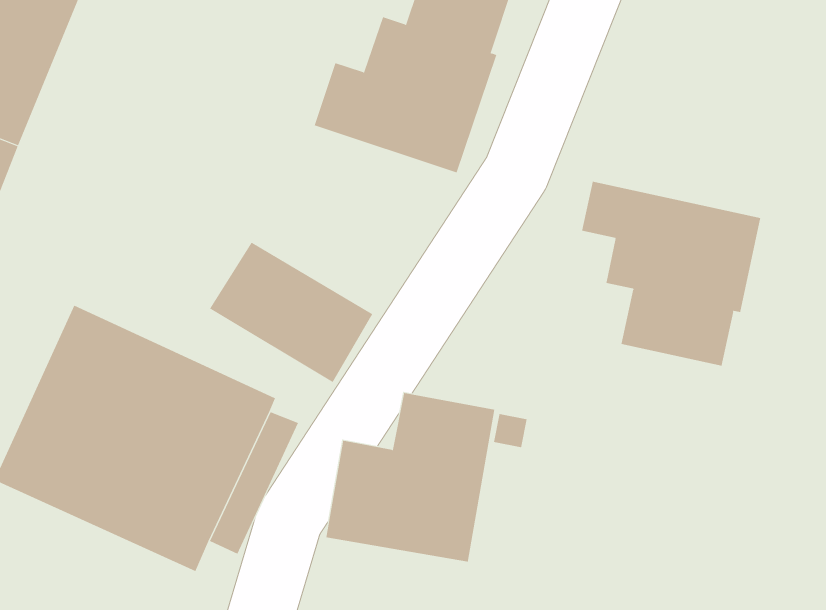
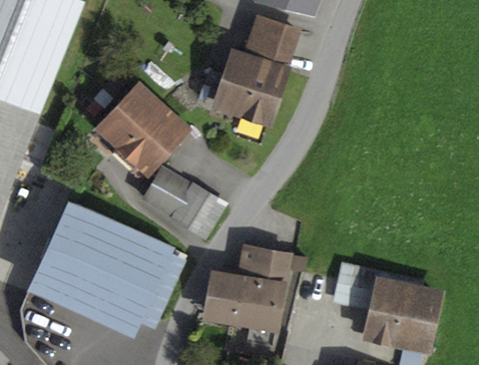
building: none -> [93,80,192,178]
building: [581,181,761,367] -> none
building: none -> [332,263,445,353]

